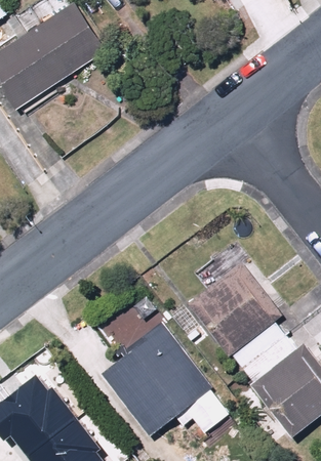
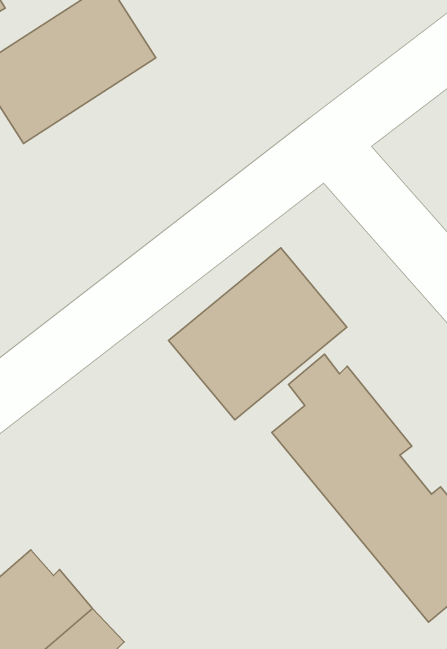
building: none -> [169,248,347,420]
building: [104,325,228,436] -> none

